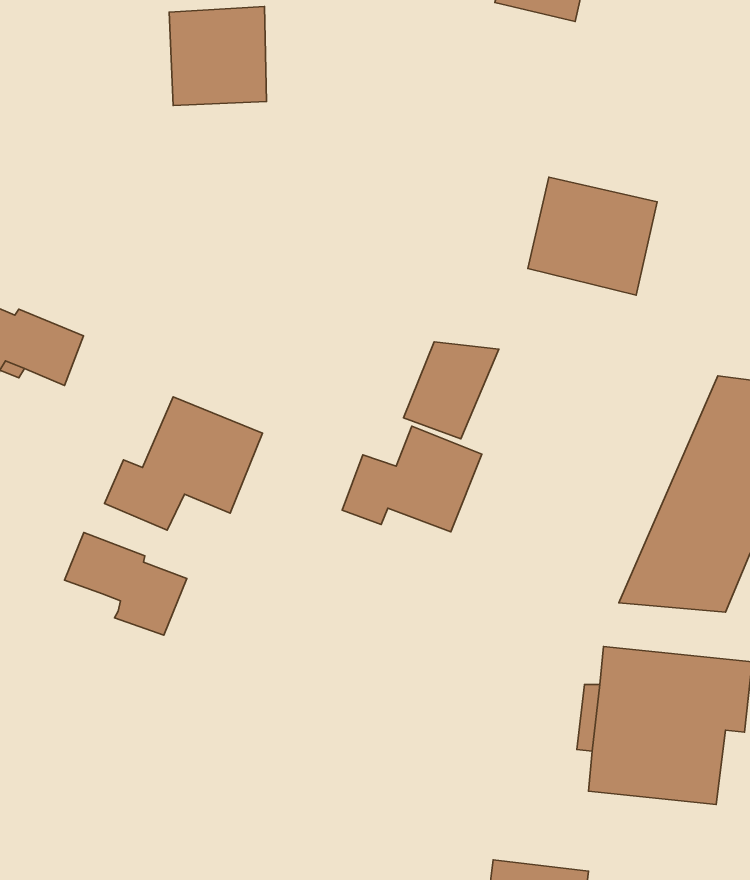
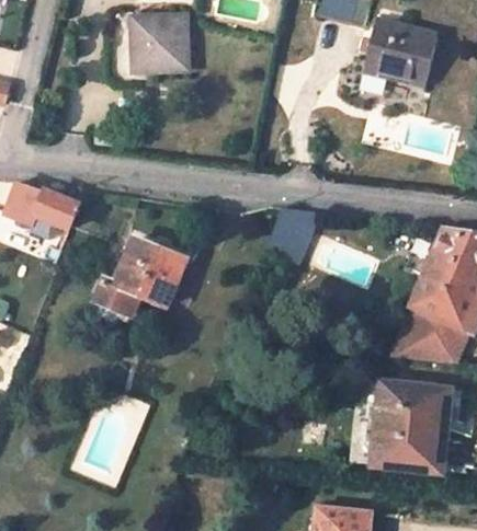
building: [528,177,657,295] -> [363,18,438,85]
building: [342,426,482,532] -> none
building: [65,533,187,635] -> none

